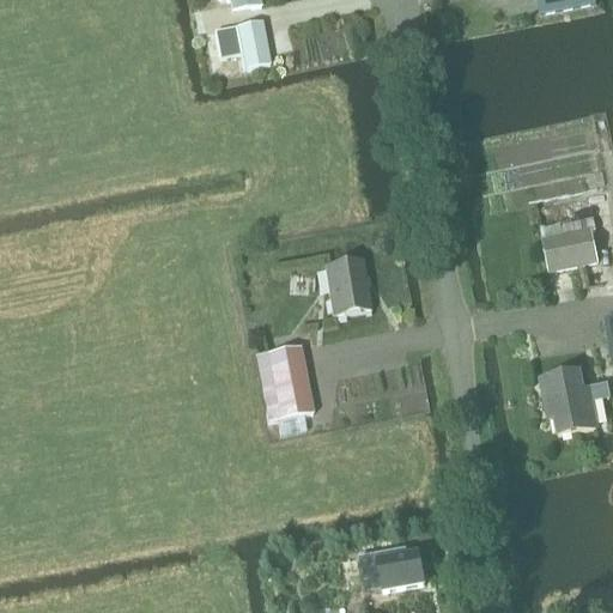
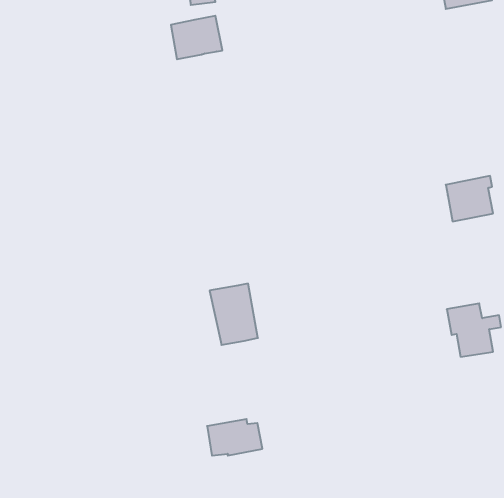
building: [324,259,370,314] -> none
building: [359,545,426,589] -> [207,419,262,456]

